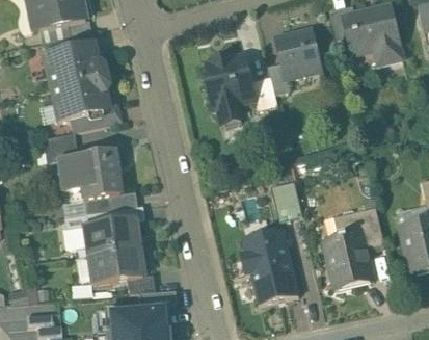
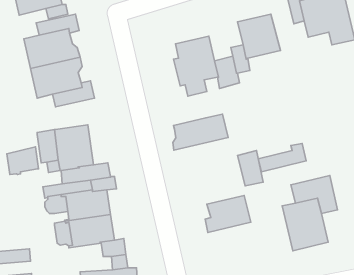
building: [44,133,78,163] -> [7,147,38,175]
building: none -> [173,114,228,150]
building: none -> [258,144,306,172]
building: [244,258,300,306] -> none

